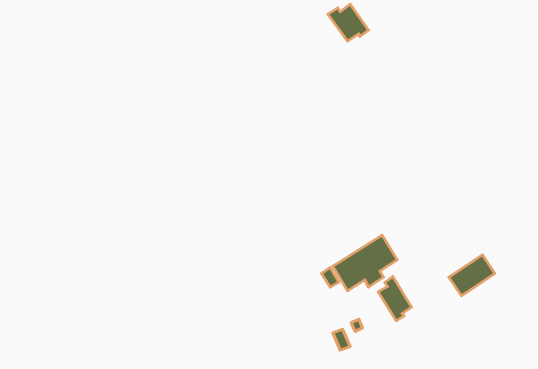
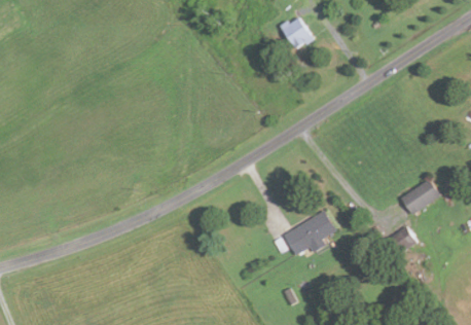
building: none -> [400,179,440,215]
building: [378,277,412,321] -> none

